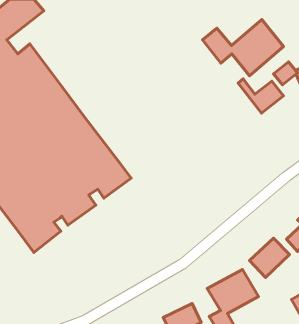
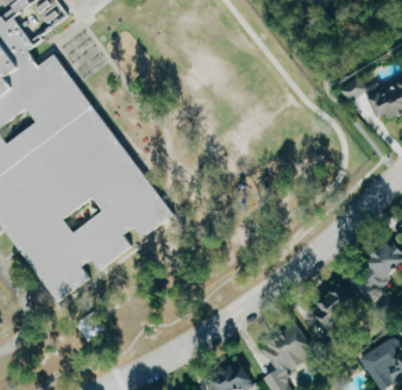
building: [203,19,284,76] -> none
building: [238,79,284,113] -> none

